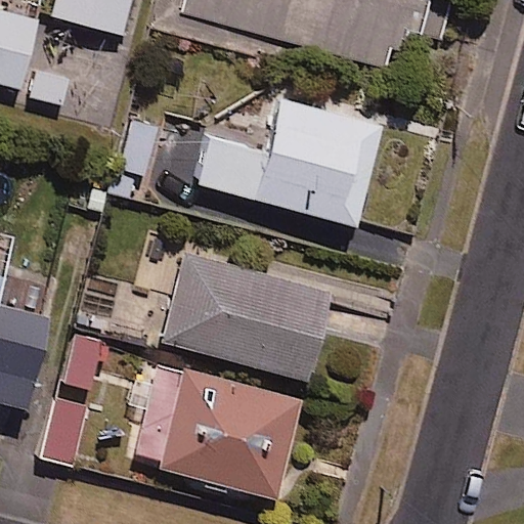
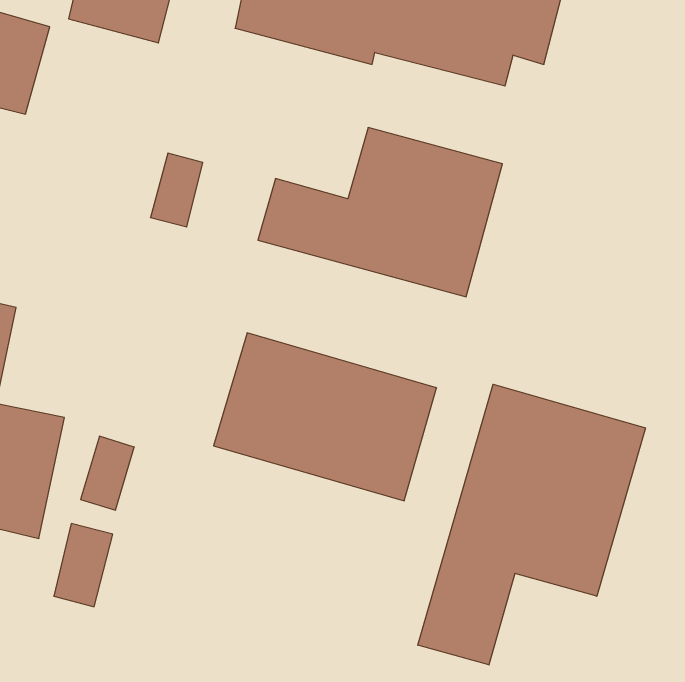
building: none -> [418,384,646,665]
building: [133,364,301,498] -> none

